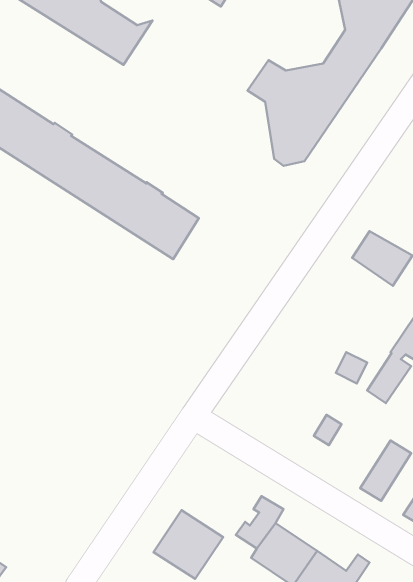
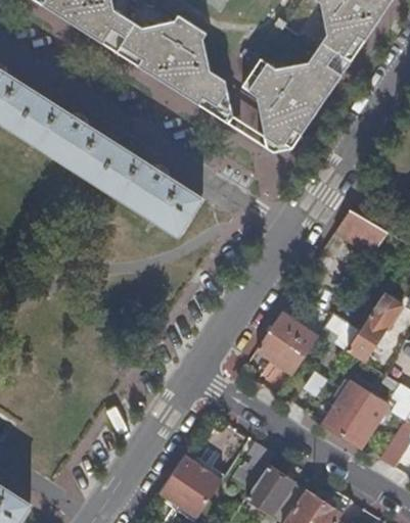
building: none -> [133,16,233,123]
building: none -> [257,313,318,374]
building: none -> [322,382,368,435]

